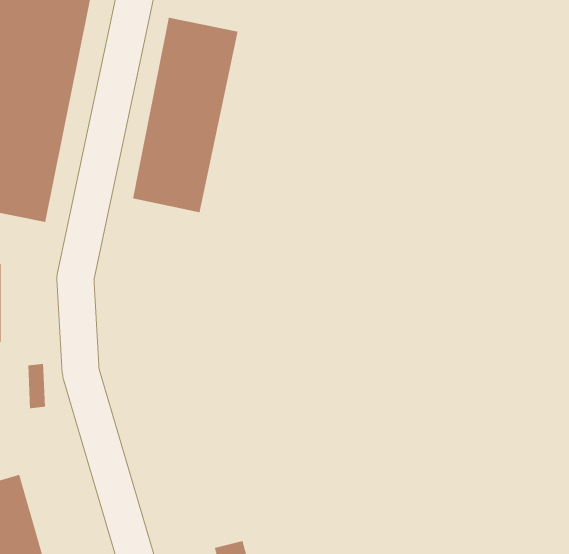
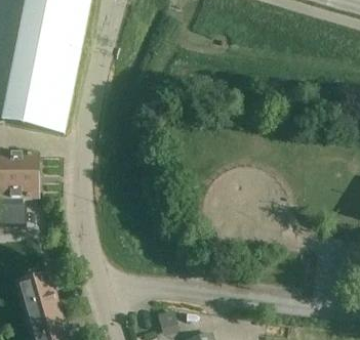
building: [132,17,238,213] -> none

